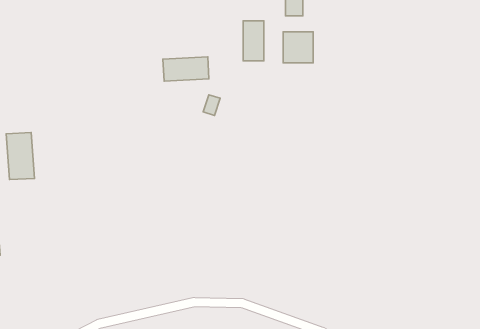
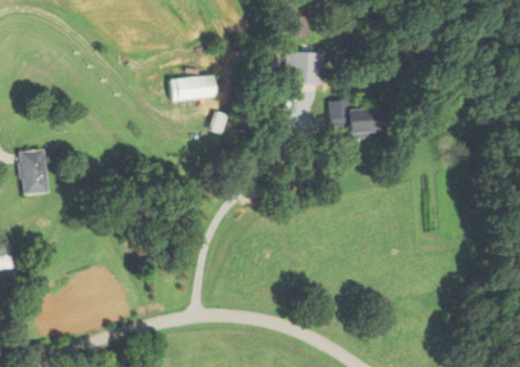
building: [243,21,264,61] -> none
building: none -> [329,106,385,136]

